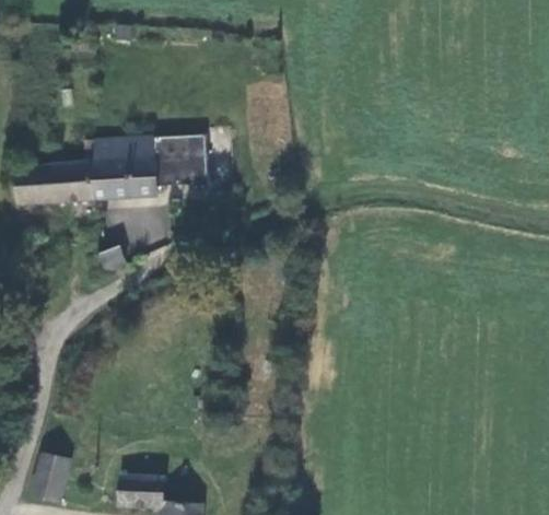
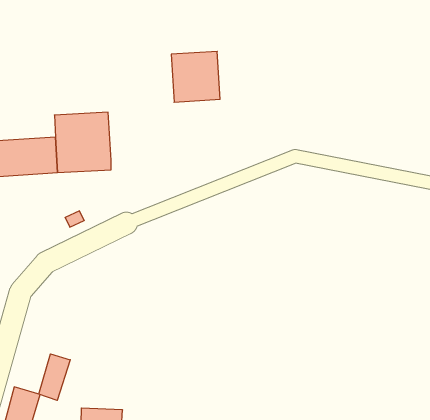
building: [150,132,206,190] -> [171,51,220,102]
building: none -> [39,354,70,400]

